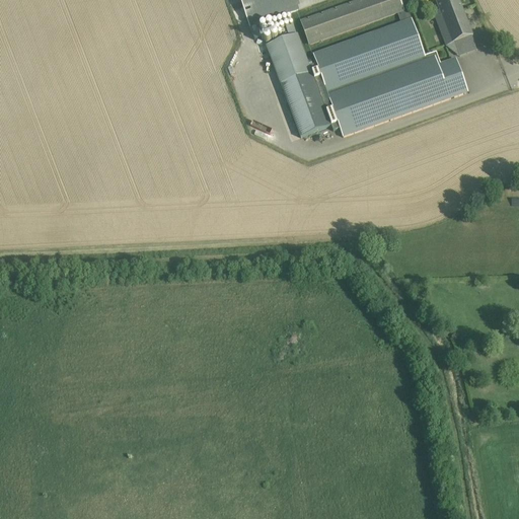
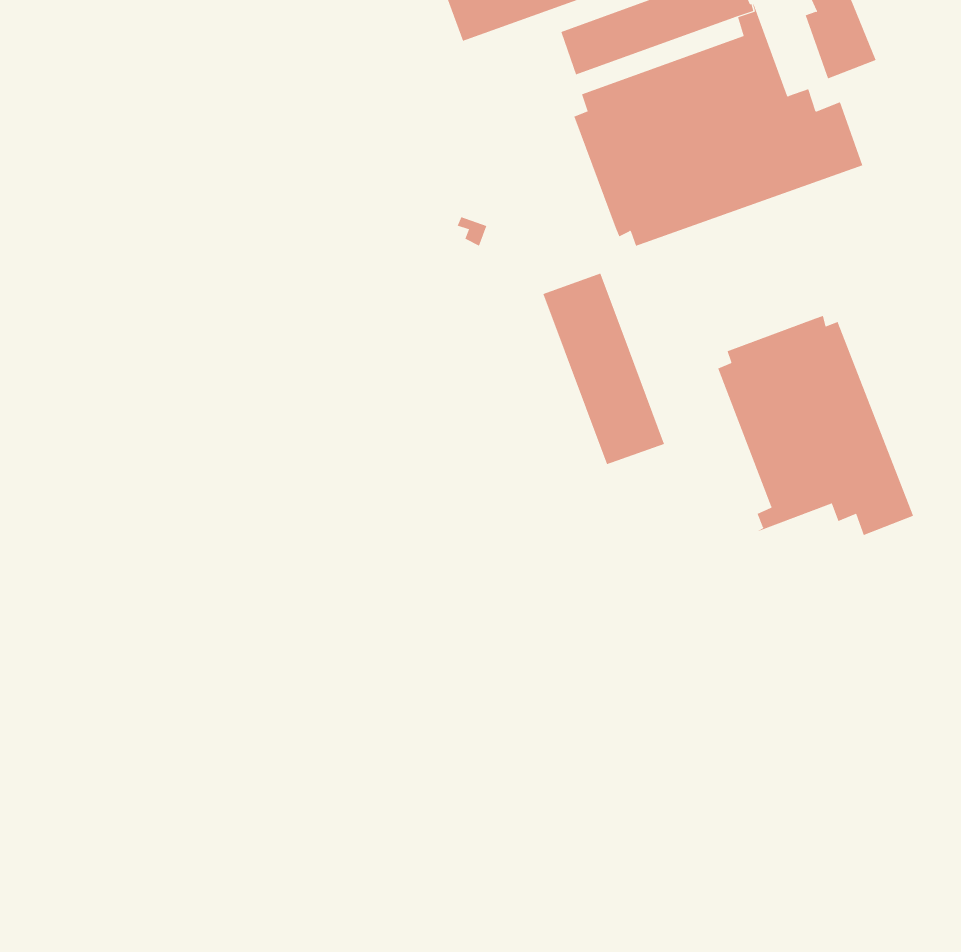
building: [266,30,331,134] -> [543,273,665,465]
building: none -> [718,315,914,536]

